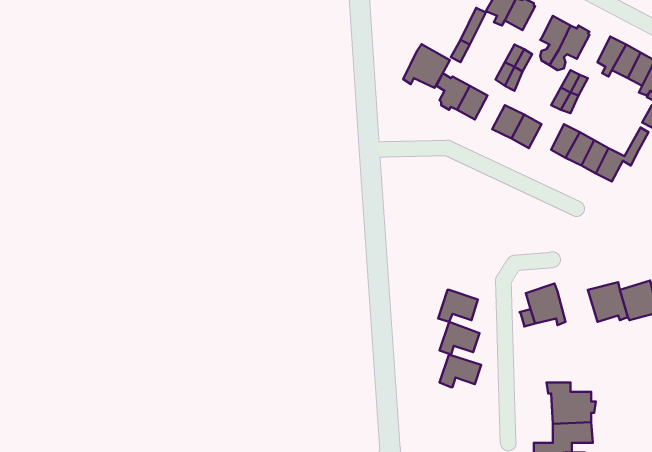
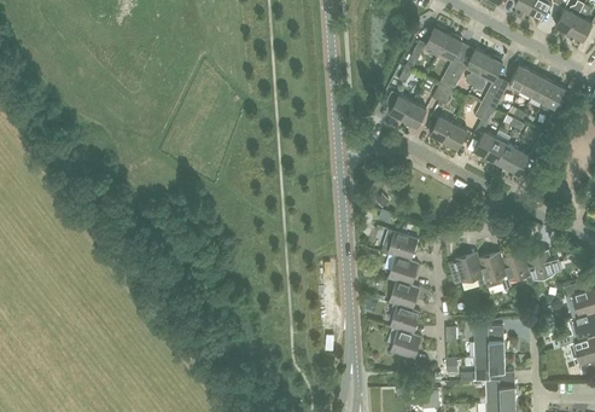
building: [403,44,450,88] -> none
building: none -> [380,228,419,256]
building: none -> [479,250,512,290]
building: none -> [391,330,422,356]

